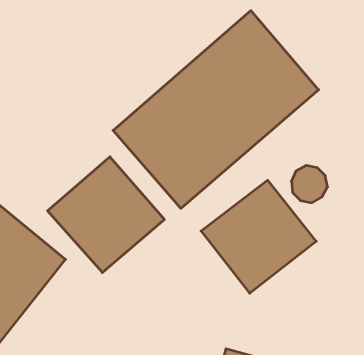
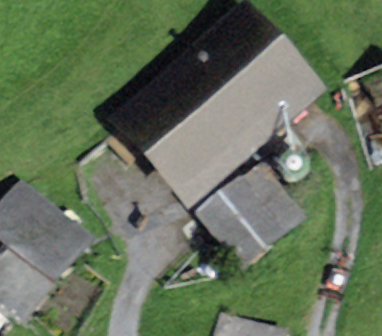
building: [48,157,164,273] -> none

